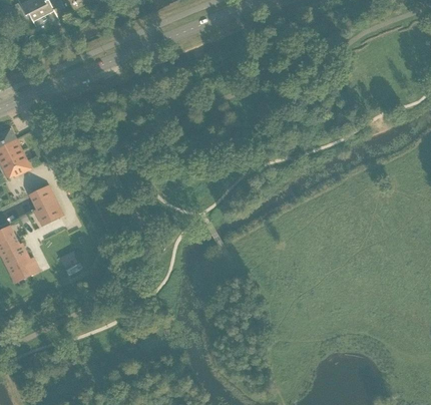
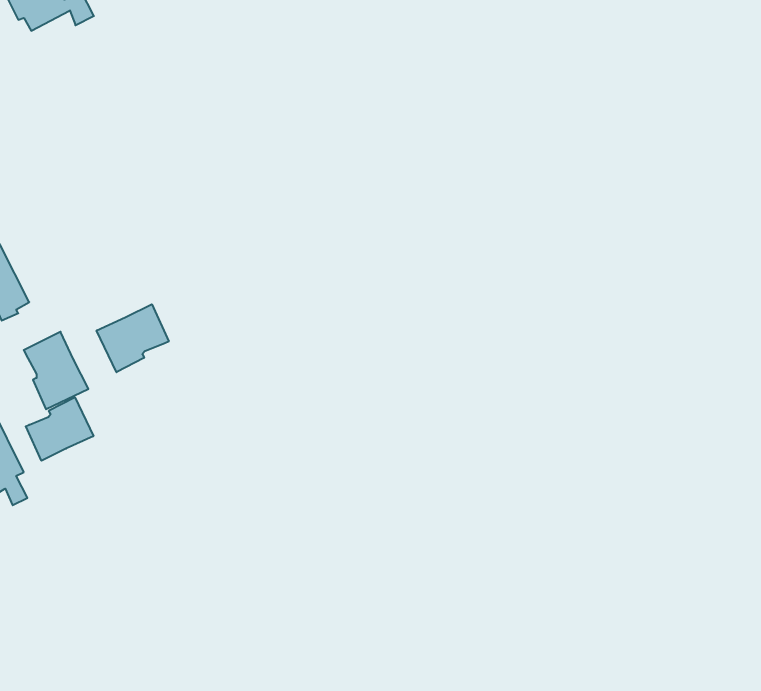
building: none -> [97,304,169,372]
building: none -> [26,397,93,461]

